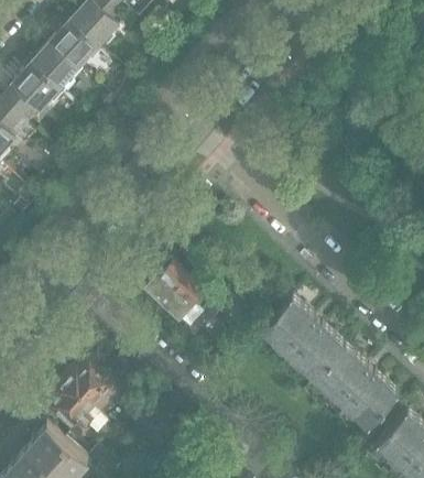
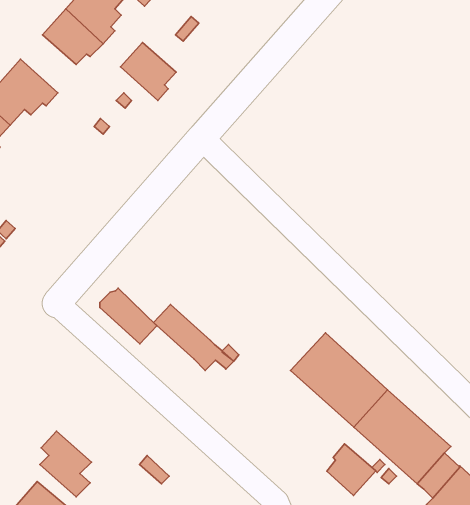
building: [30,45,77,95] -> [120,42,176,100]
building: [157,259,206,306] -> [100,288,157,344]
building: [61,368,115,417] -> none
building: none -> [327,444,376,496]

